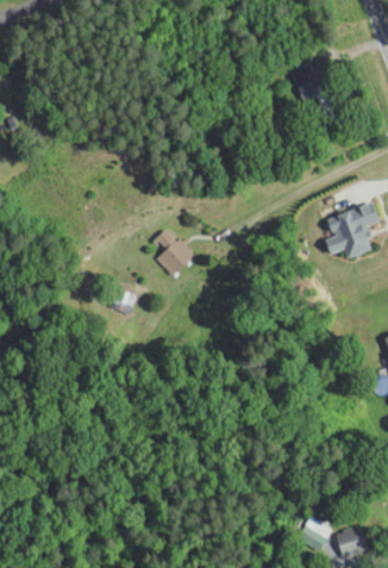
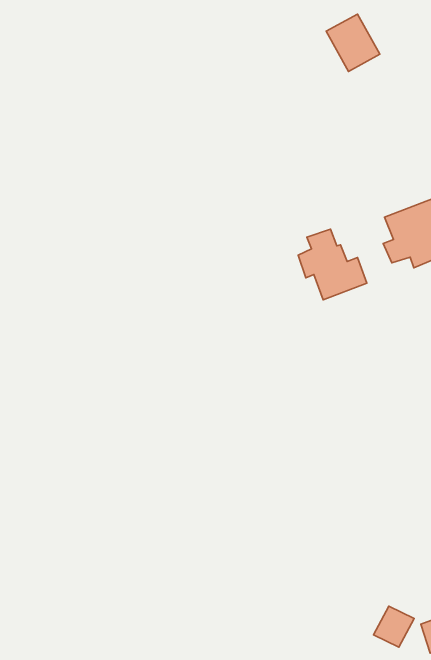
building: none -> [298,229,367,300]
building: [154,227,193,276] -> none

